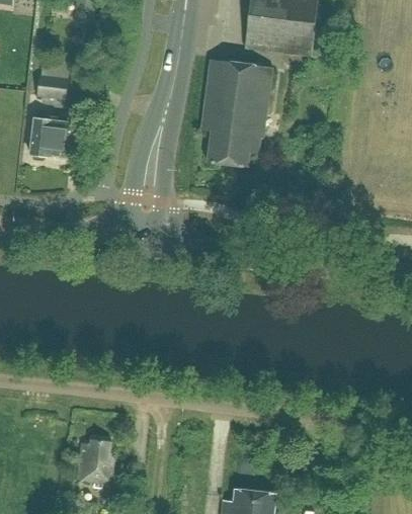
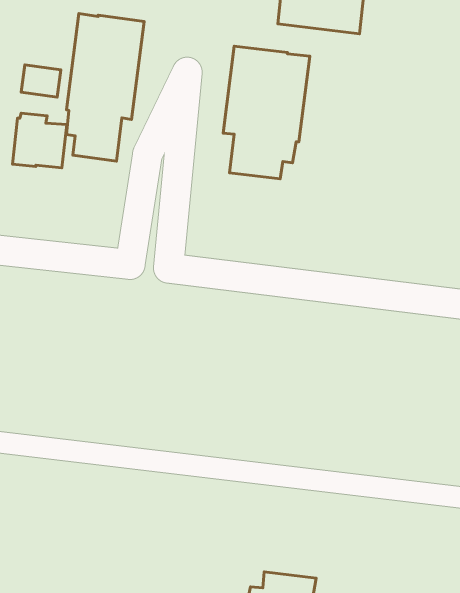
building: none -> [66,13,144,161]
building: [77,437,115,484] -> none

